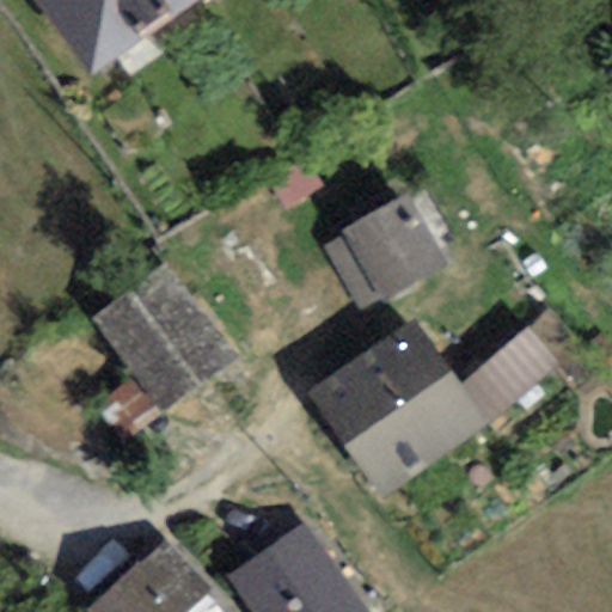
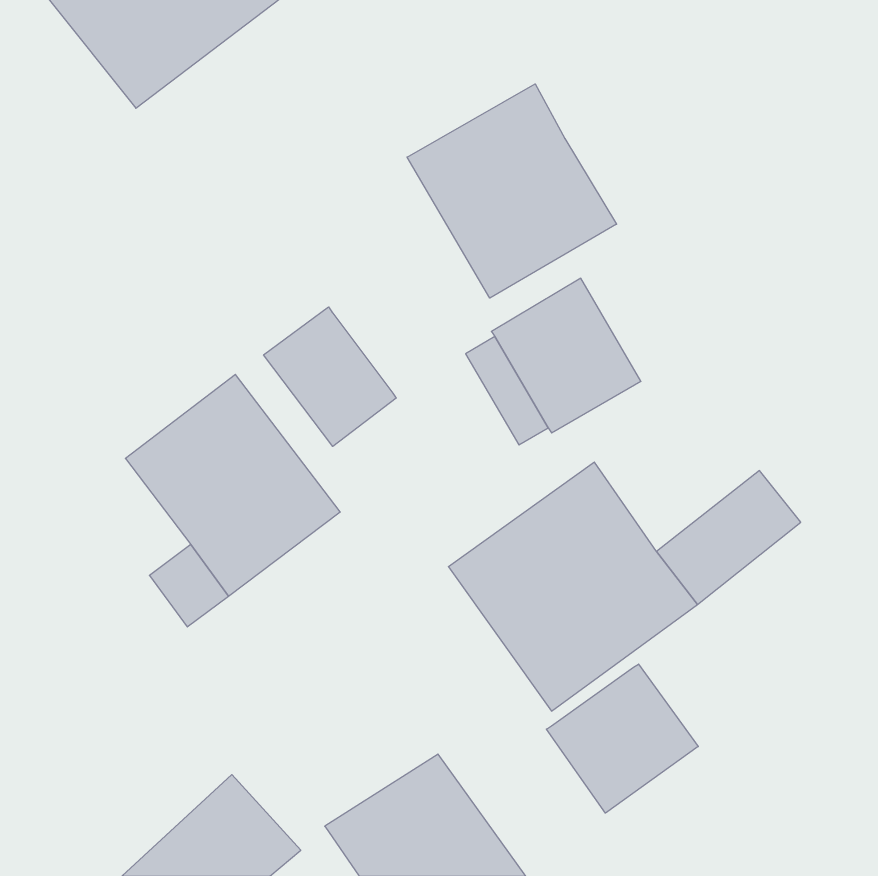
building: none -> [407,84,617,298]
building: none -> [264,307,396,446]
building: none -> [546,664,698,813]

